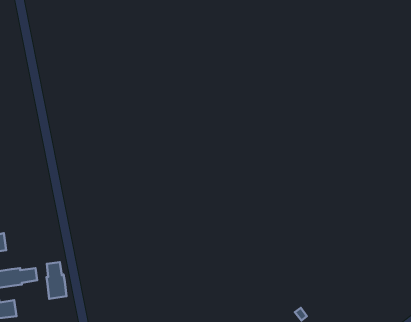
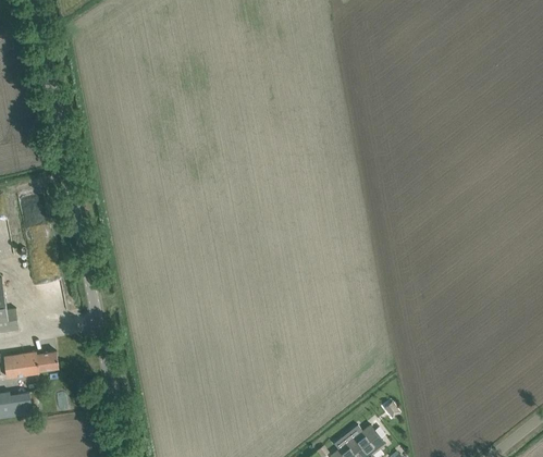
building: [46,262,66,299] -> none

